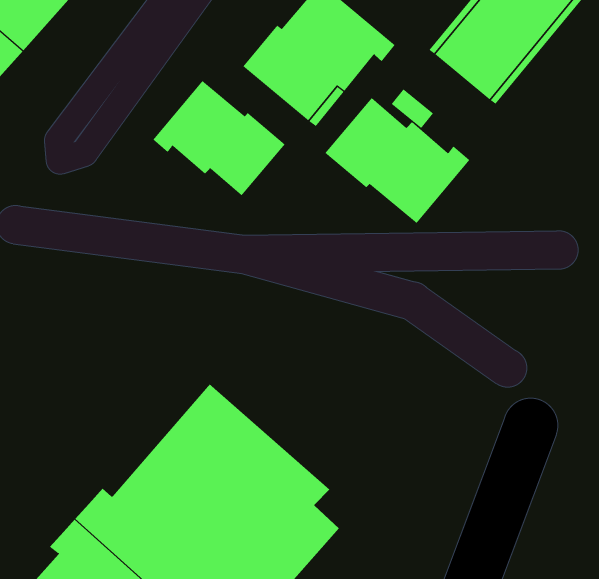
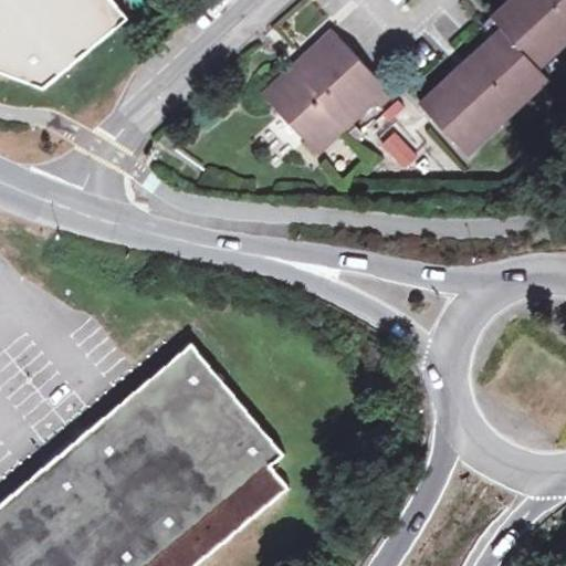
building: [152,80,285,196] -> none
building: [325,97,470,224] -> none

